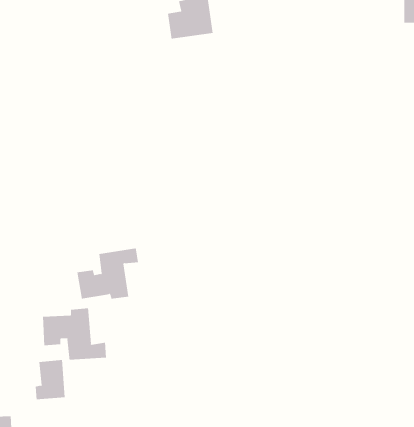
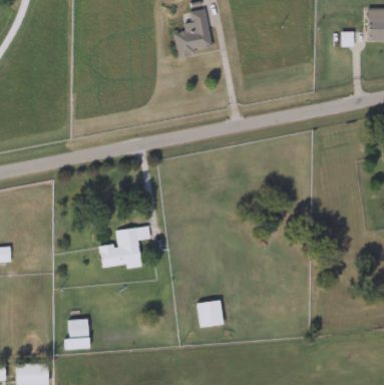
building: [43,307,107,361] -> none
building: none -> [198,300,224,327]

